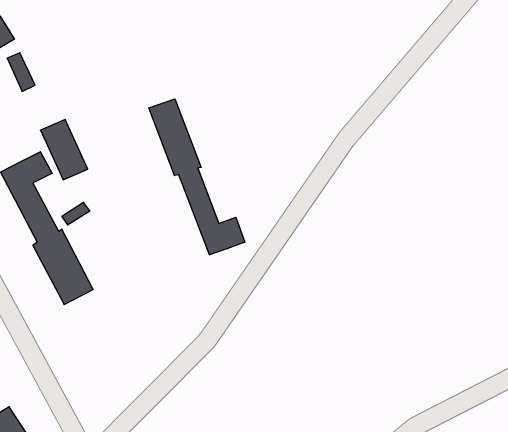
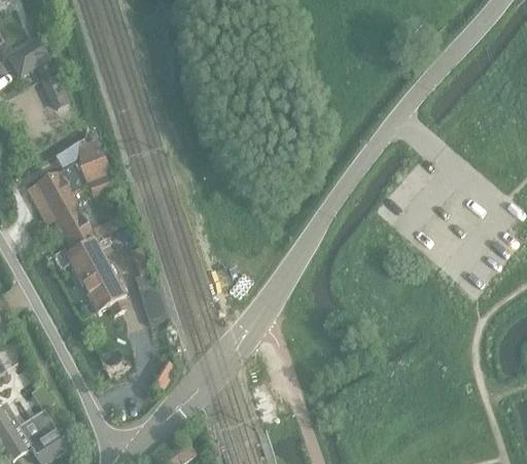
building: [149,99,245,255] -> none

